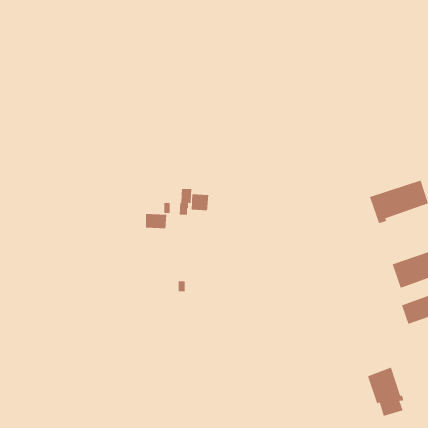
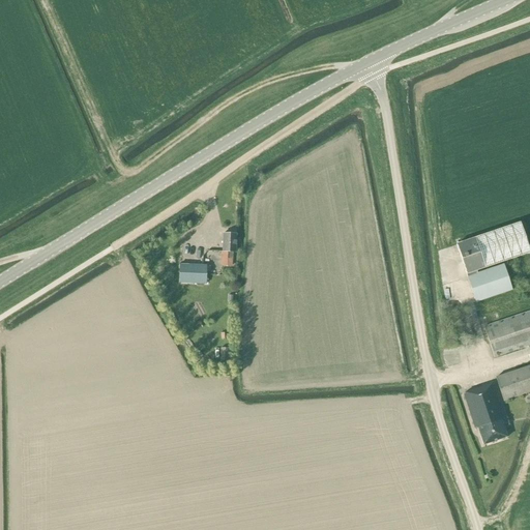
building: [191,193,209,211] -> none
building: none -> [468,263,512,300]
building: [367,367,404,416] -> [464,382,509,443]

